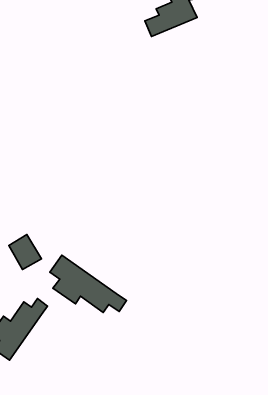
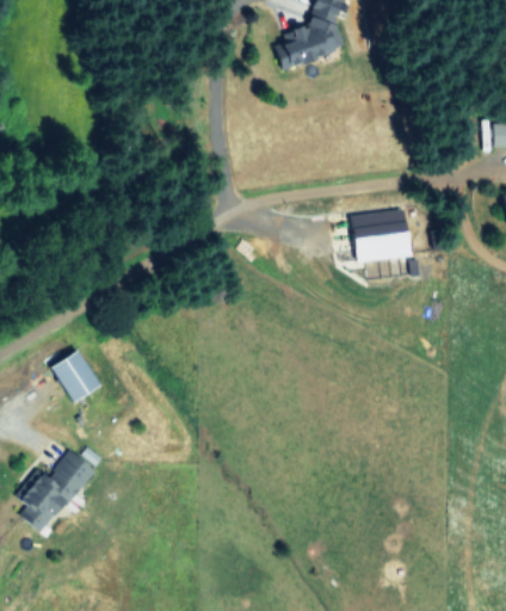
building: none -> [351,210,411,261]
building: [50,255,126,312] -> none

